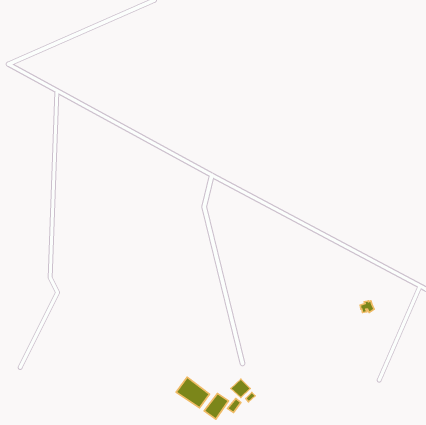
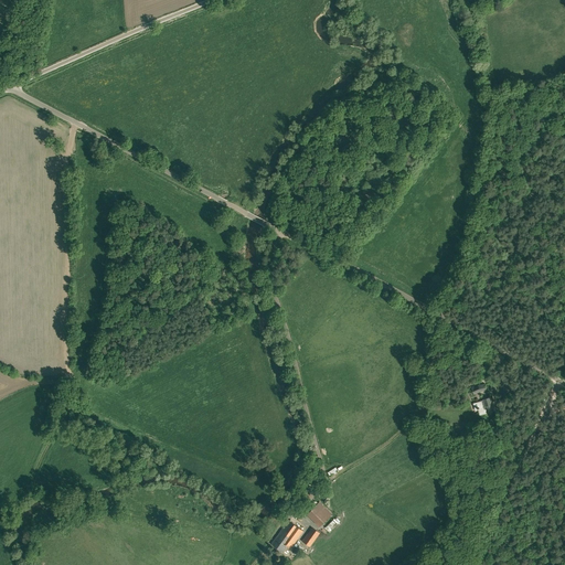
building: [176,377,210,408] -> none

